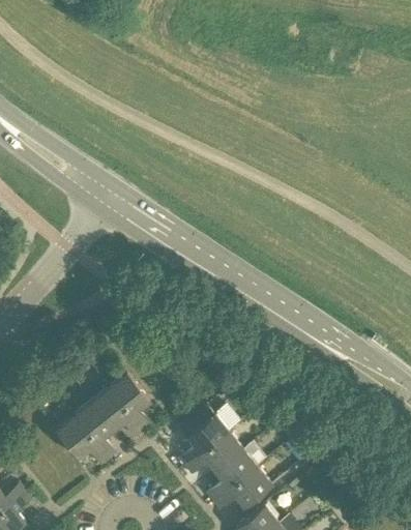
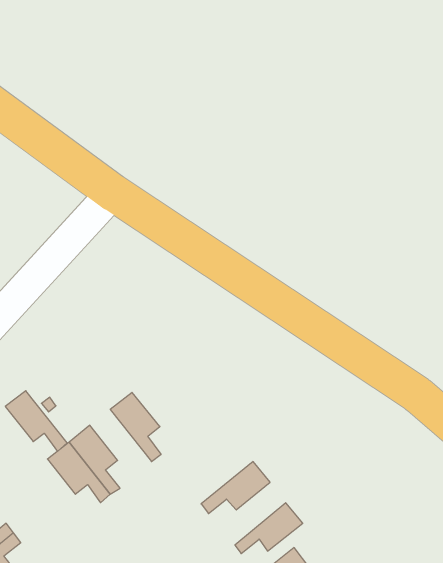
building: [89,388,142,440] -> [5,391,67,451]
building: [178,415,229,469] -> none
building: [207,450,257,504] -> none

